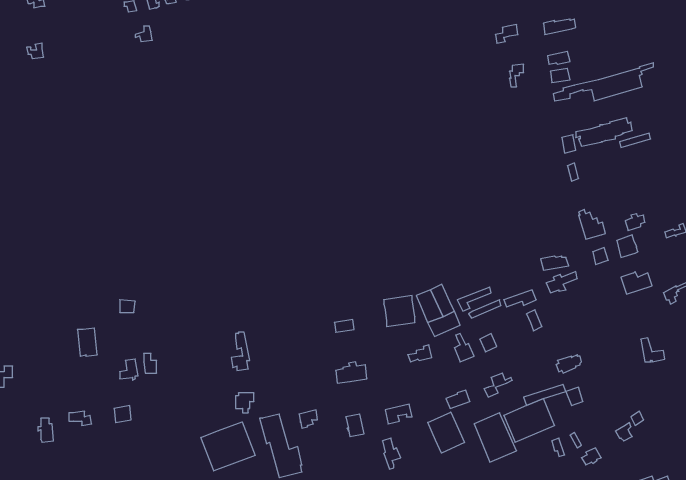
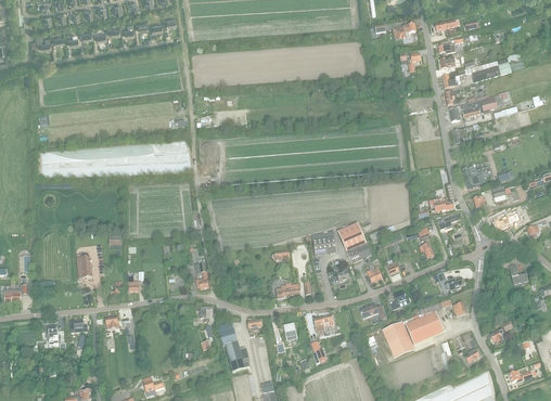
building: [428,412,464,453] -> none
building: [201,422,255,471] -> none

